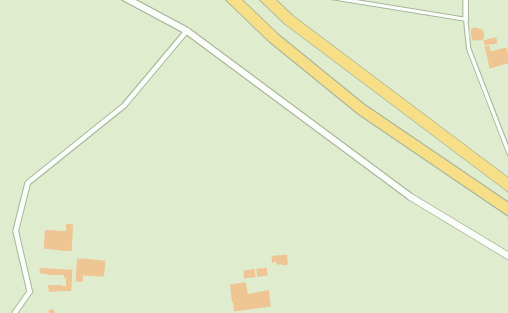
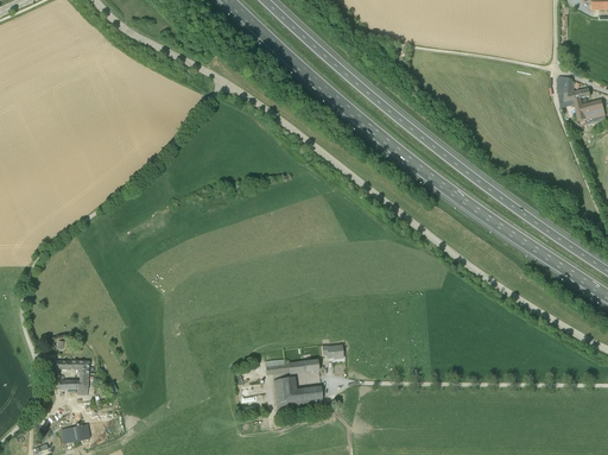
building: [43,223,73,252] -> none
building: [75,258,106,283] -> none

